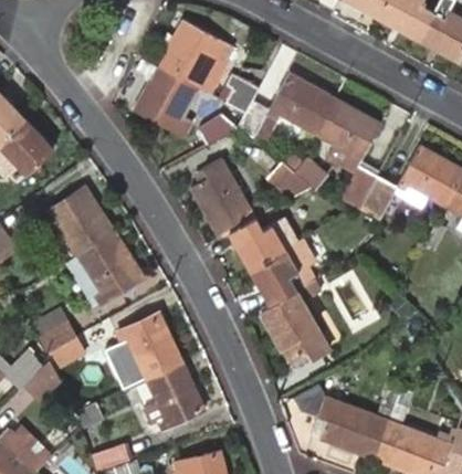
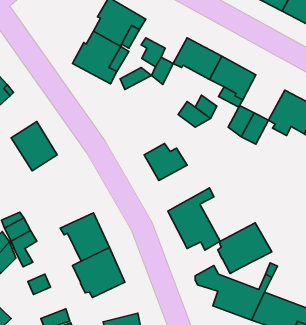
building: [190,159,258,240] -> none
building: [76,234,138,305] -> none
building: [250,249,309,306] -> none
building: none -> [218,223,272,274]

